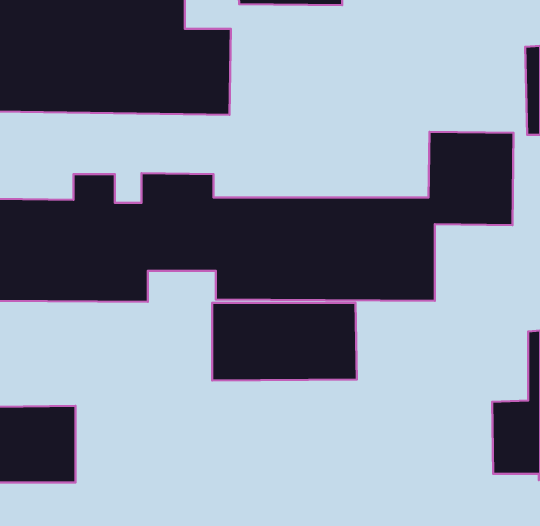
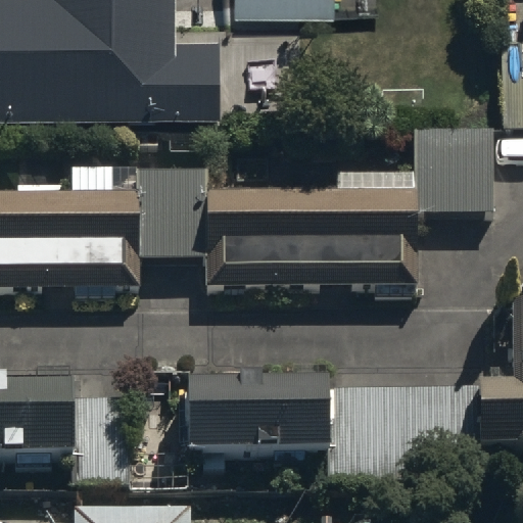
building: [212,303,357,381] -> [191,388,330,463]

